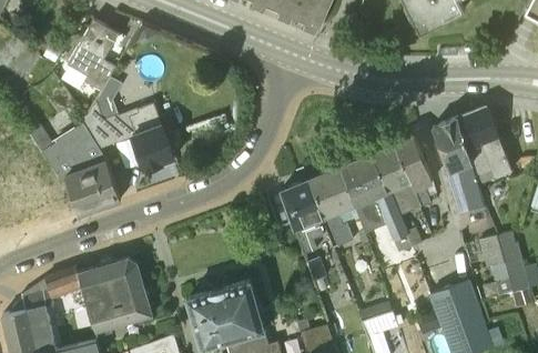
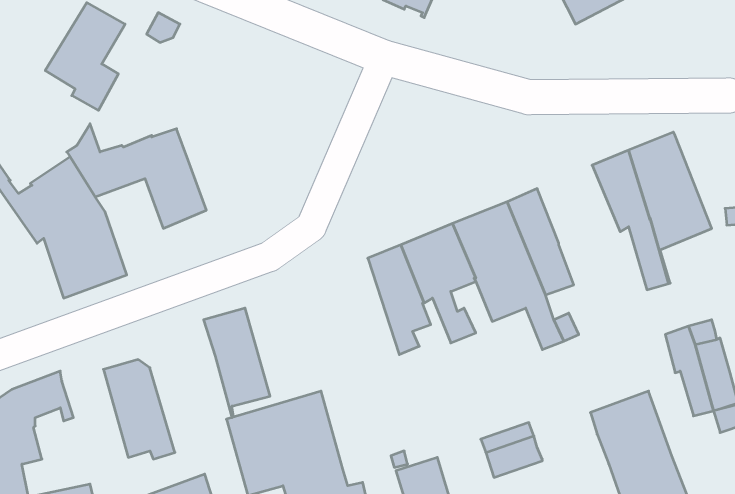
building: [395,135,434,208] -> none
building: [78,264,122,337] -> [204,308,270,418]

